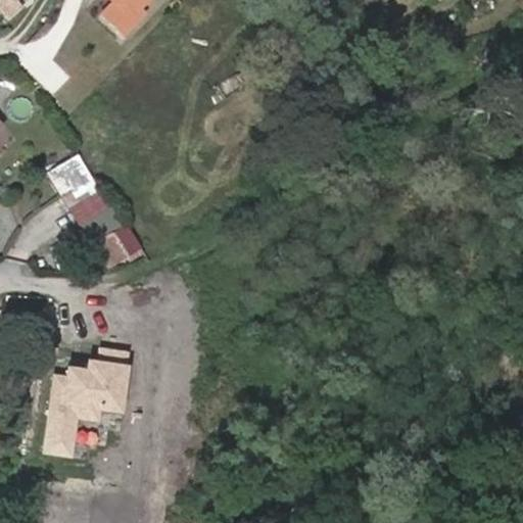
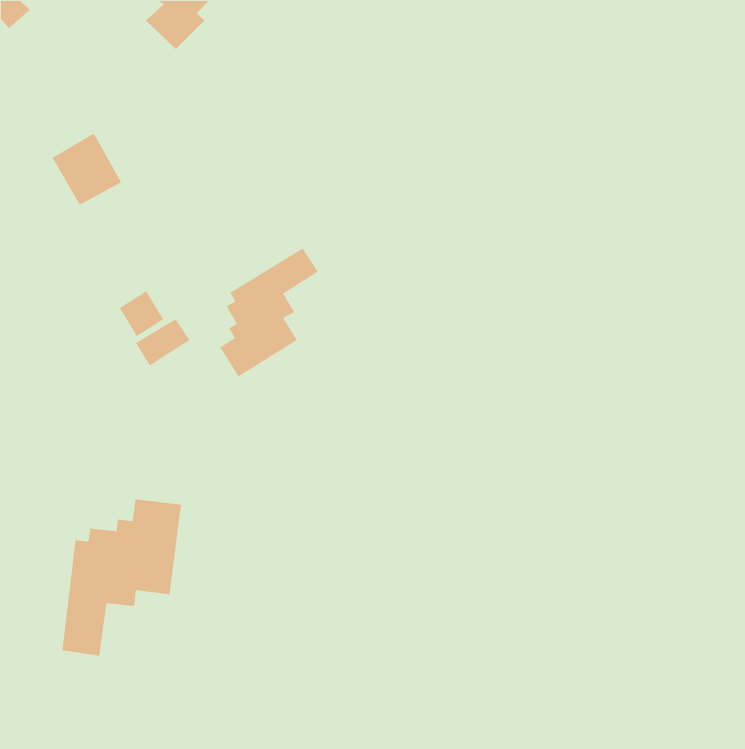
building: [48,152,97,203] -> [52,133,122,206]
building: none -> [219,248,319,377]

